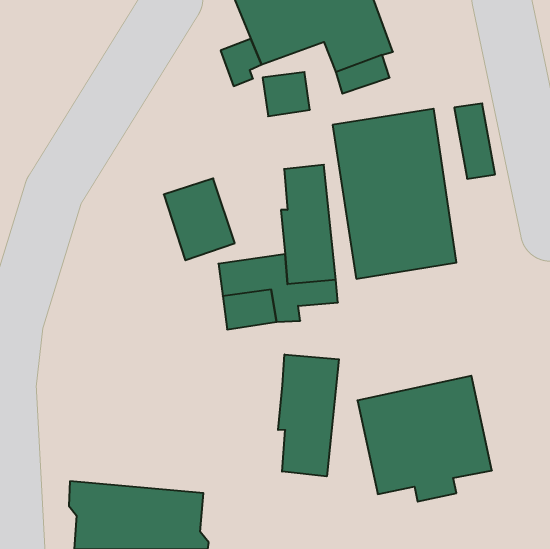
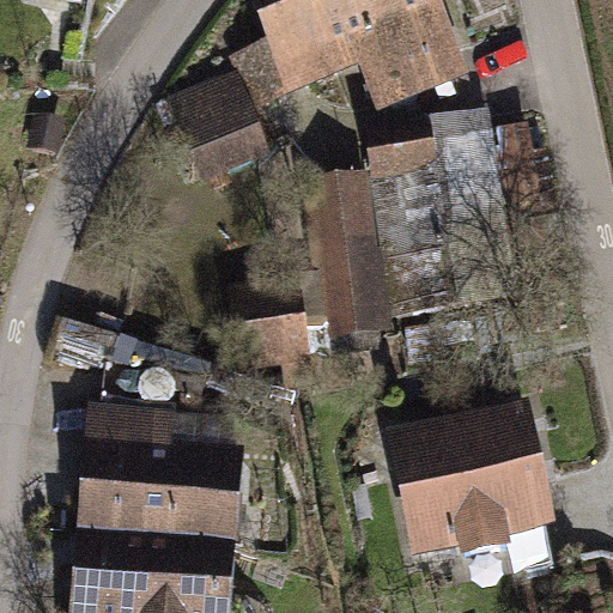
building: [164,178,235,260] -> [182,81,261,172]
building: [278,354,339,476] -> none
building: none -> [78,415,244,548]

